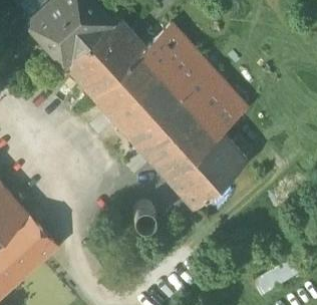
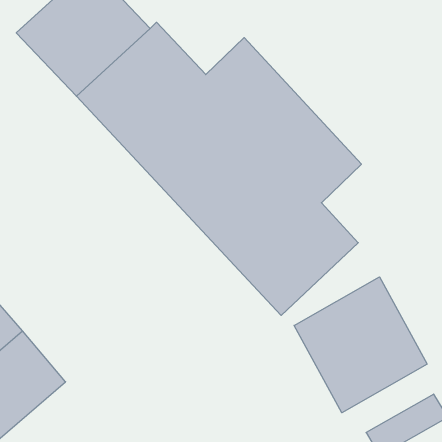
building: none -> [294,277,427,413]

